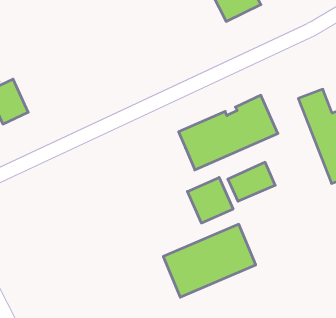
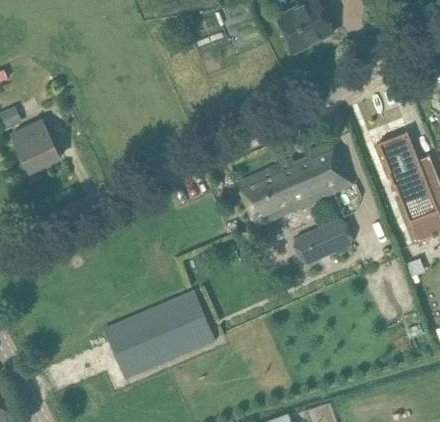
building: [187,177,233,223] -> none
building: [163,224,256,297] -> [104,292,213,378]

